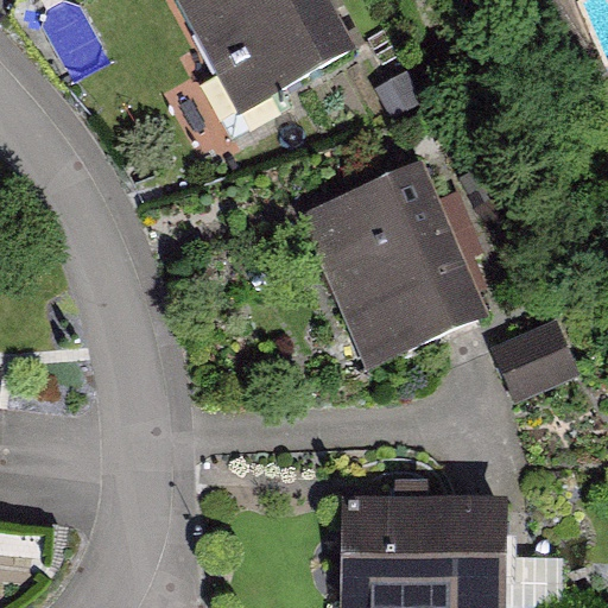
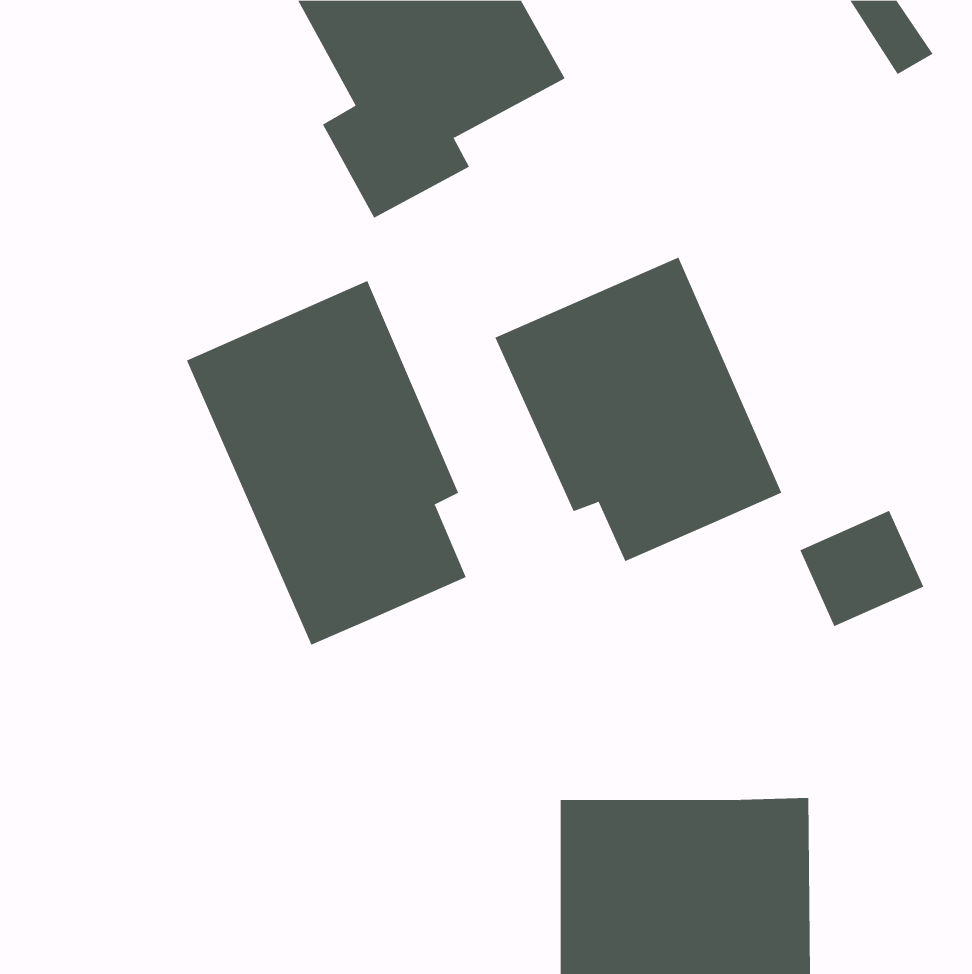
building: none -> [186,280,467,646]

